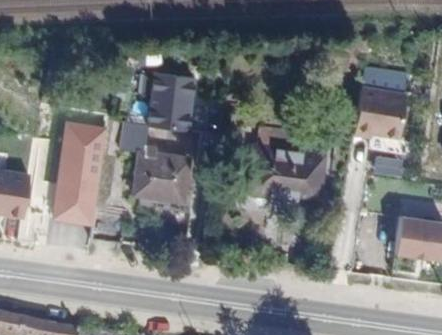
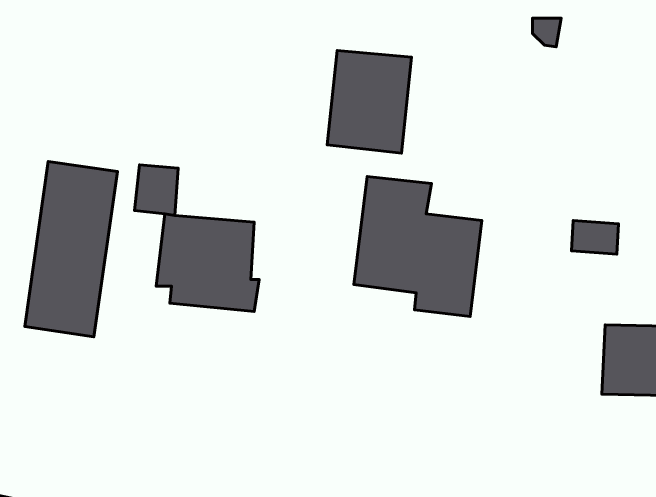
building: [360,67,415,141] -> none
building: [147,68,197,129] -> [327,50,411,153]

